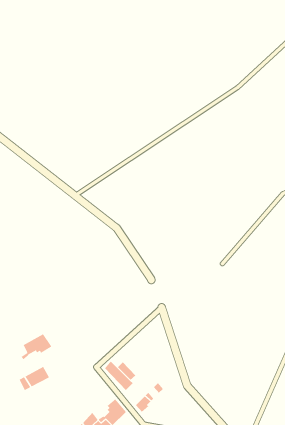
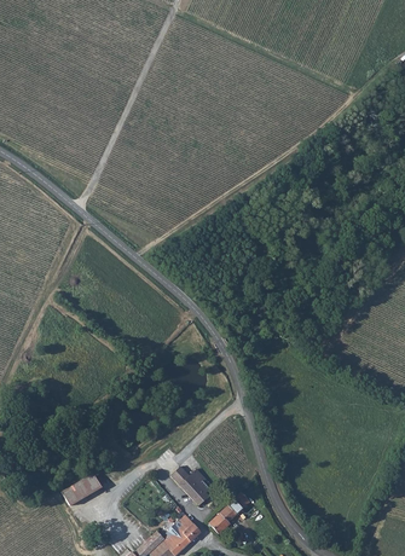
building: [21,334,52,360] -> none

